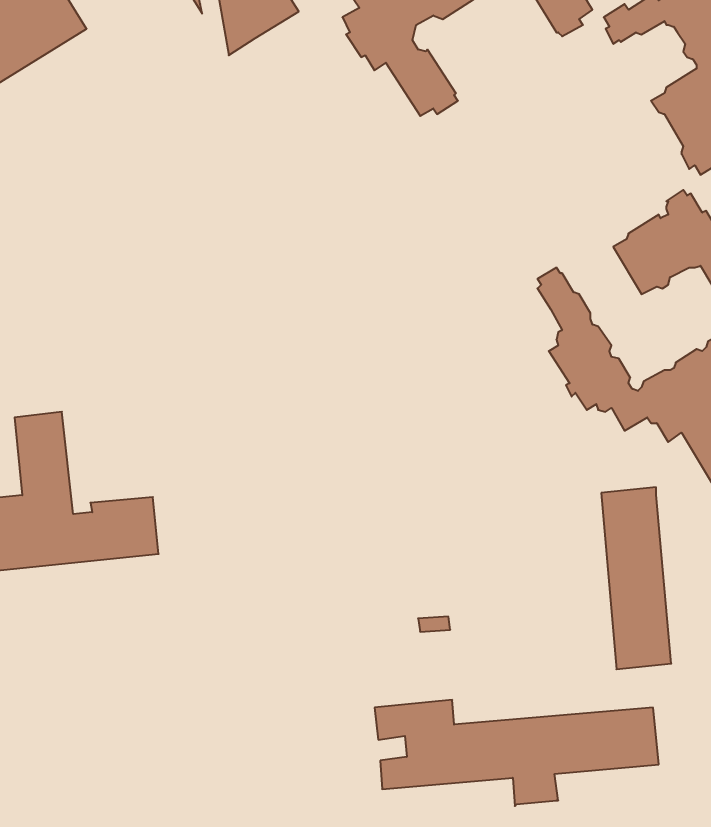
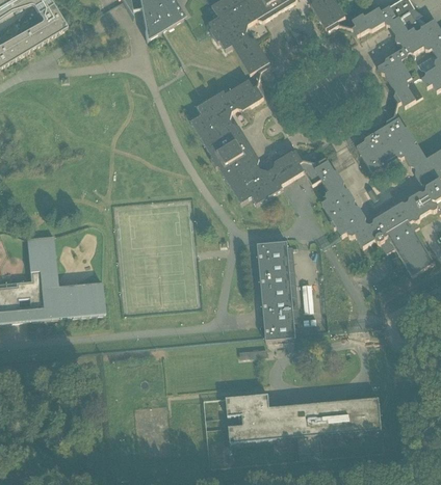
building: none -> [189,78,304,203]
building: [601,487,671,669] -> [256,239,294,339]

